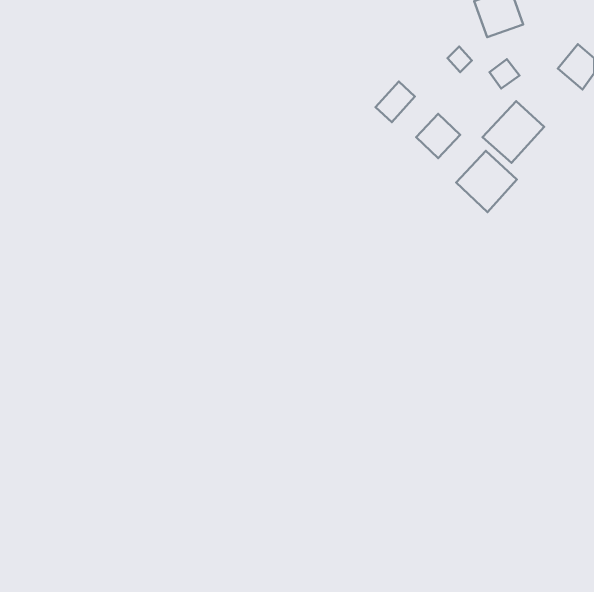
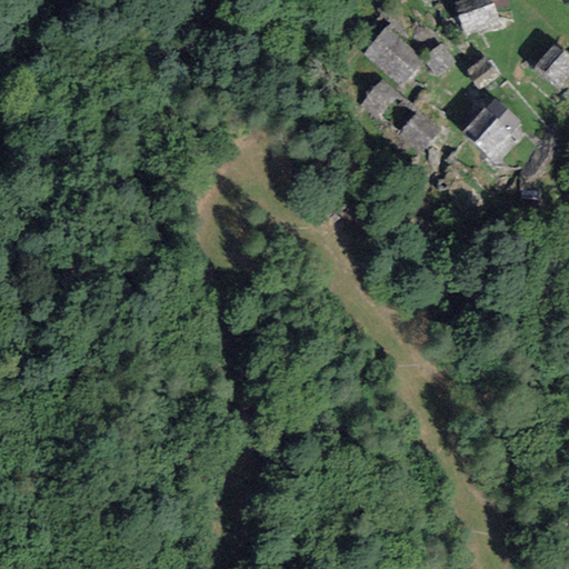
building: none -> [362,26,426,86]
building: [456,151,517,212] -> none

